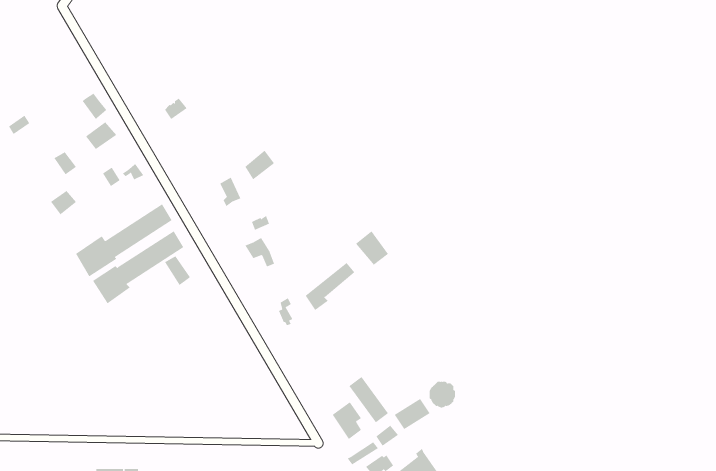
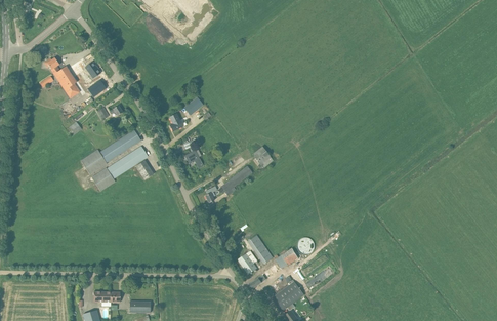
building: none -> [44,57,80,97]

